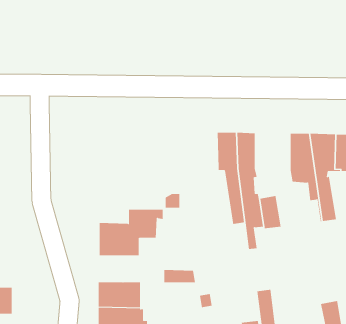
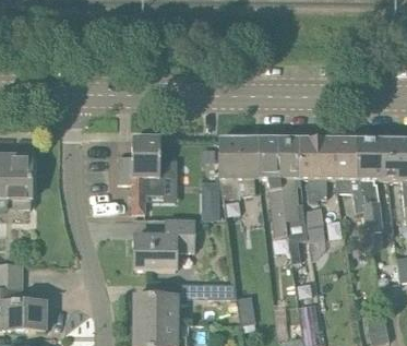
building: none -> [117,138,164,212]
building: none -> [218,139,259,198]
building: none -> [298,140,334,202]

